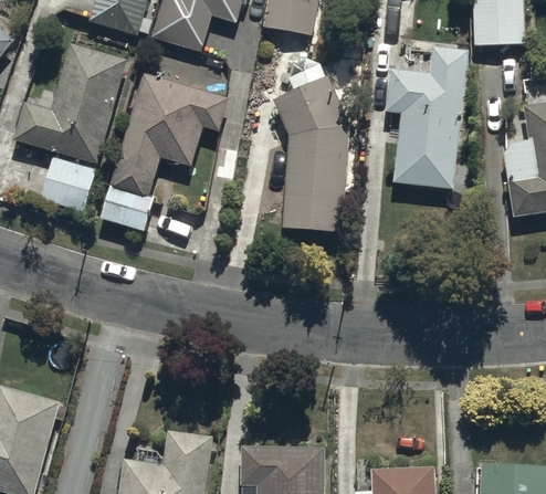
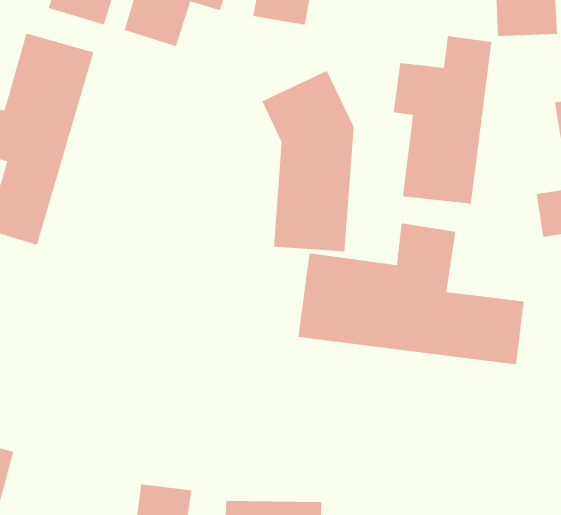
building: [99,72,231,230] -> none
building: none -> [298,223,524,365]

